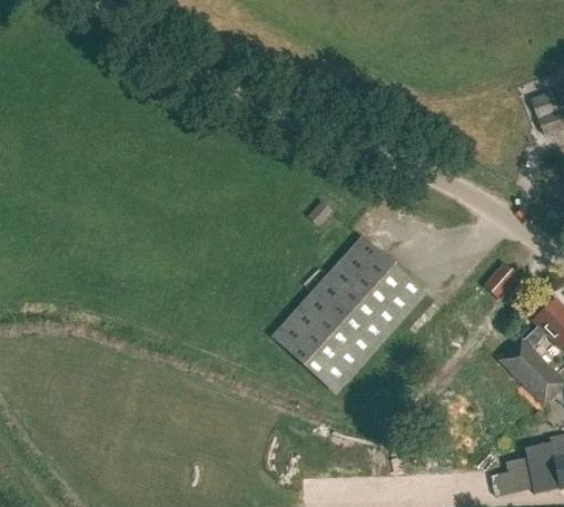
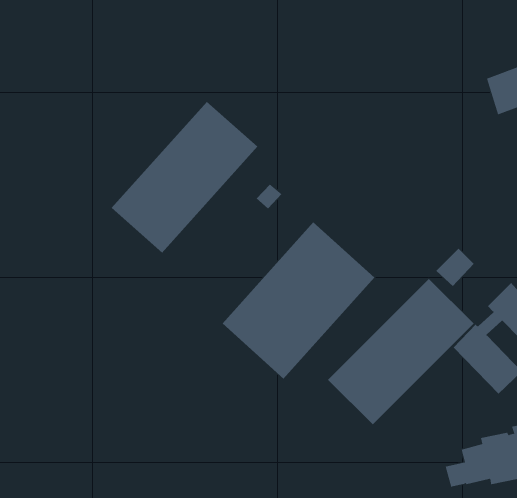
building: none -> [111,101,258,253]
building: none -> [327,278,474,425]

